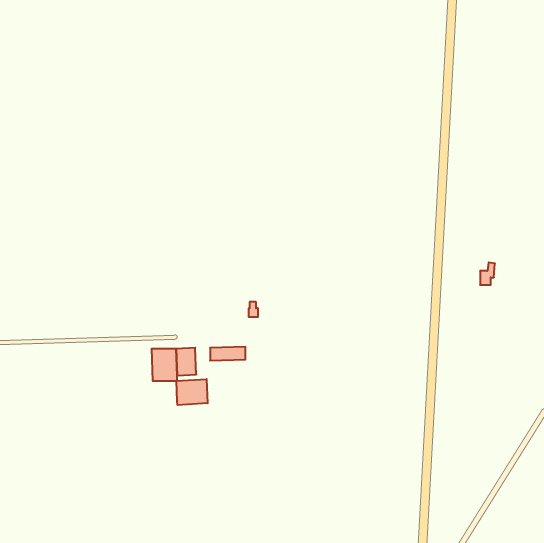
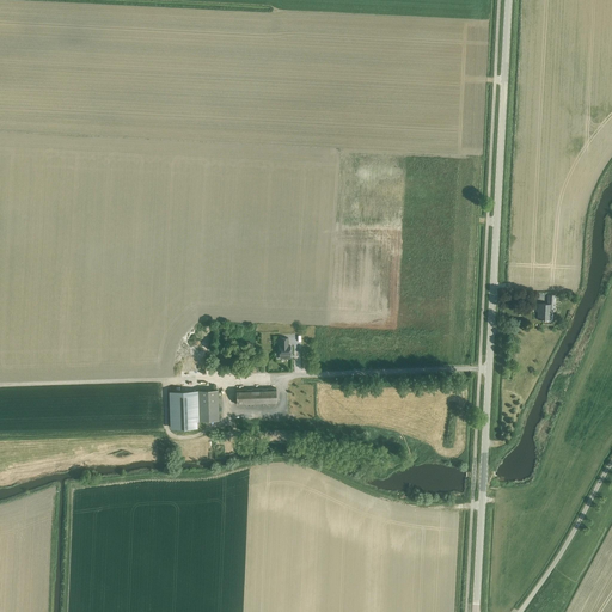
building: [177,379,208,405] -> none

